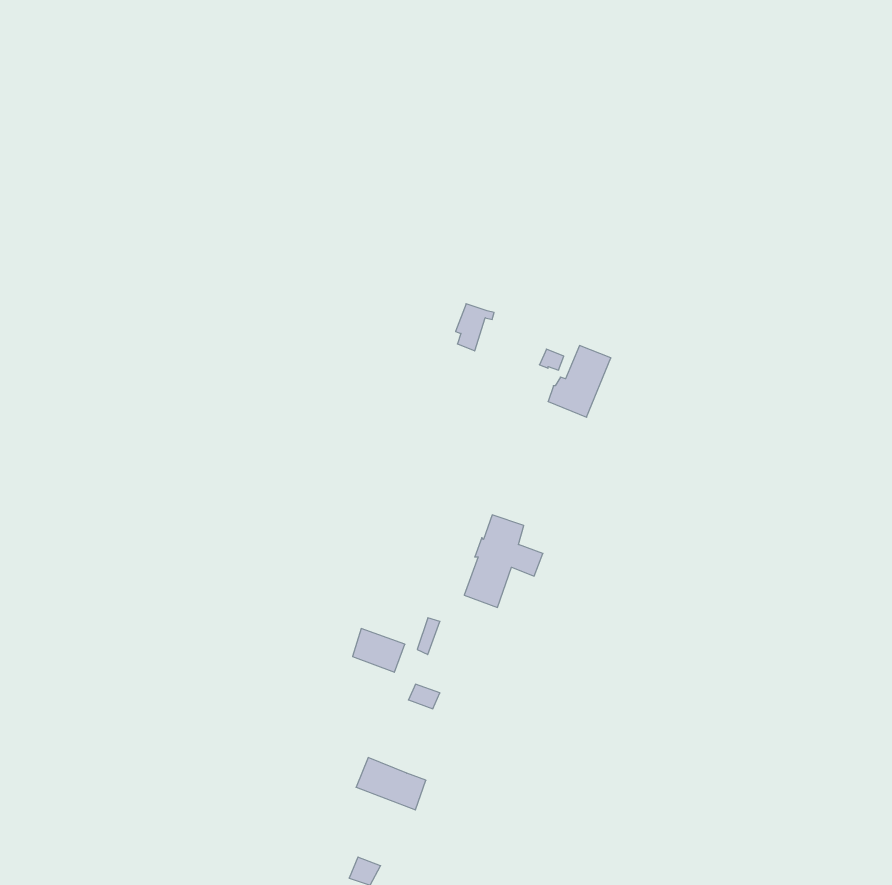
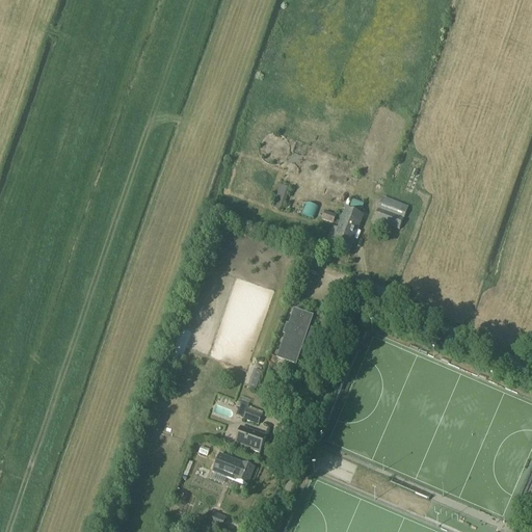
building: none -> [374,194,408,227]
building: [353,629,405,672] -> [235,424,266,450]

